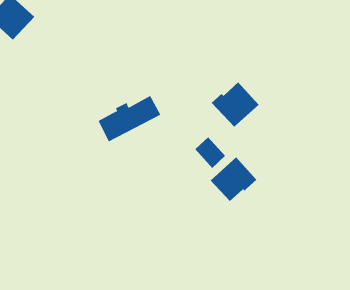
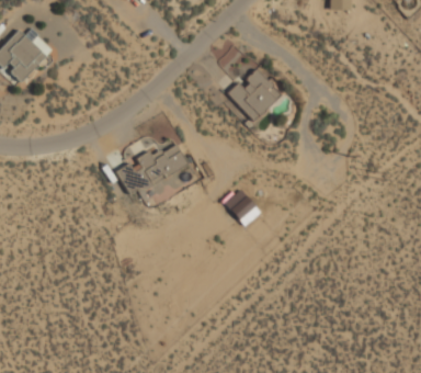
building: [211,81,260,127] -> [228,68,283,120]
building: [210,156,257,202] -> none

